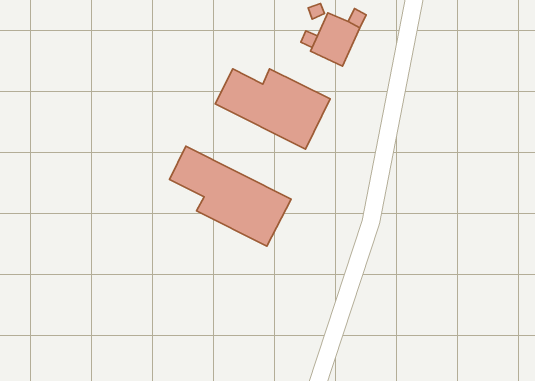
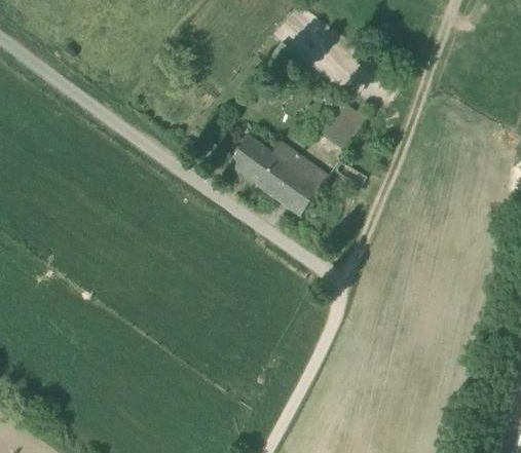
building: [169,146,291,246] -> none

